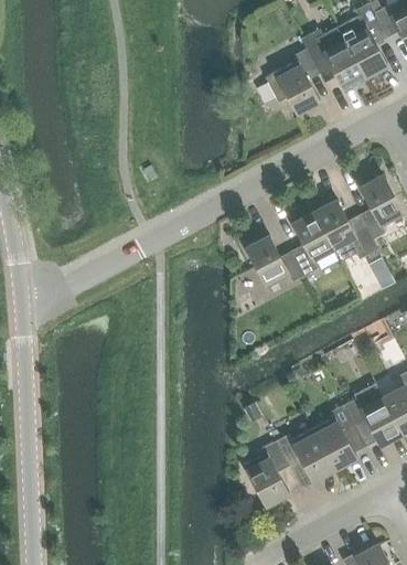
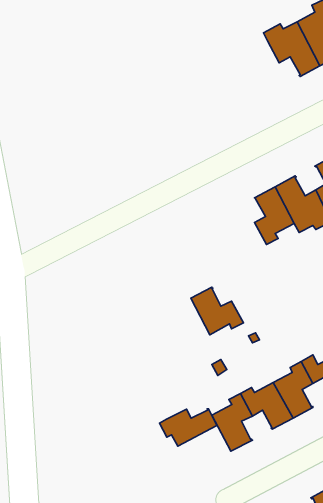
building: [266,49,321,113] -> none
building: [247,235,306,288] -> [191,287,244,335]
building: none -> [160,409,217,446]

